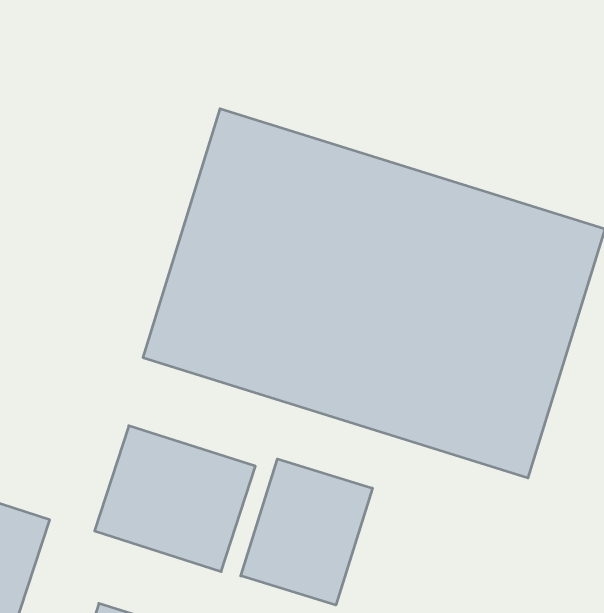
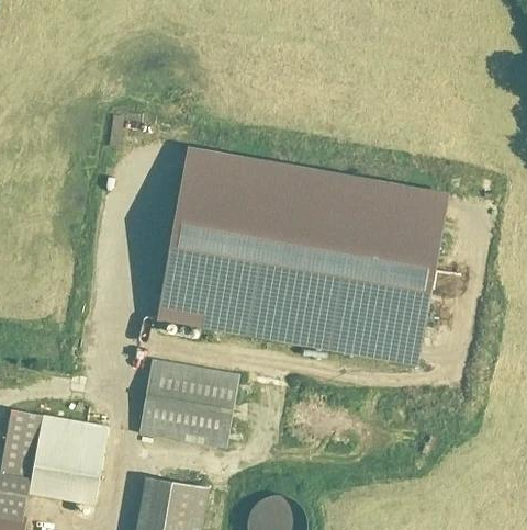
building: [241,459,372,605] -> none

